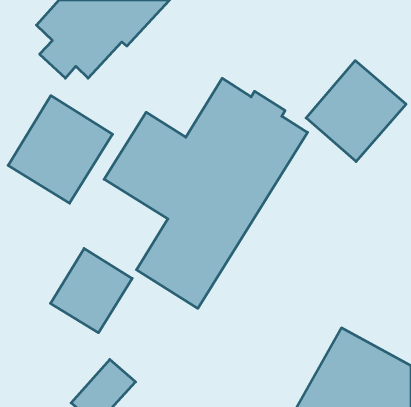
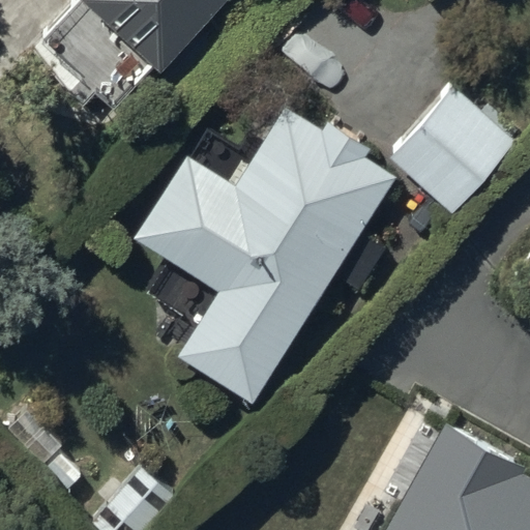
building: [8,96,113,203] -> none
building: [50,248,132,333] -> none

